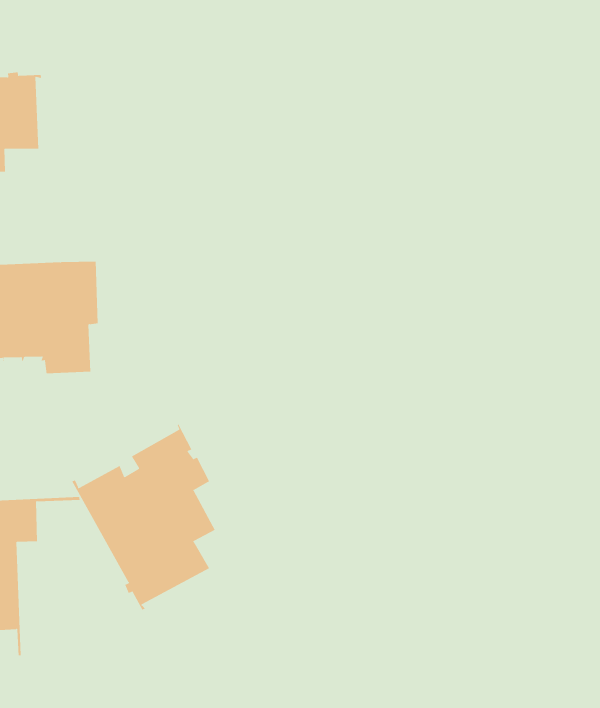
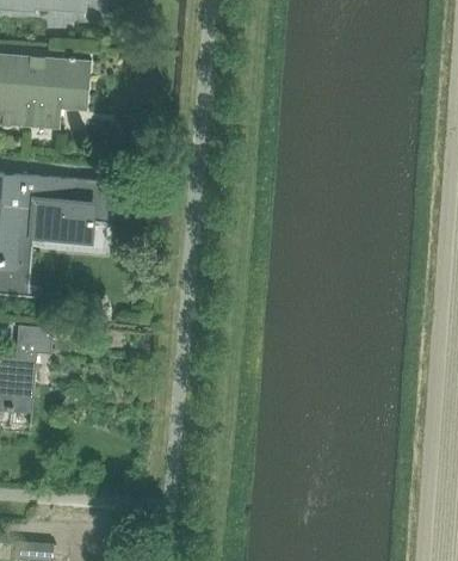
building: [72,424,215,610] -> none

